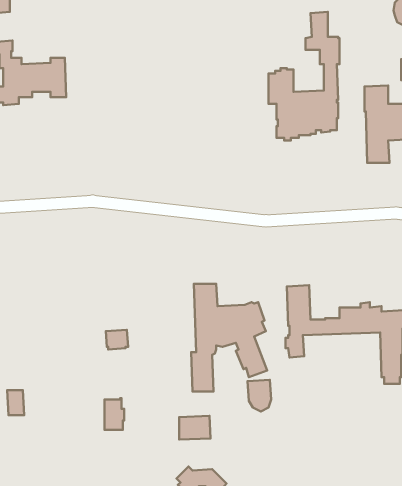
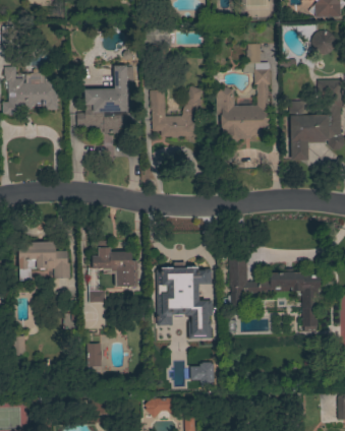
building: none -> [77,66,135,133]
building: none -> [150,86,203,138]
building: none -> [92,241,138,287]
building: none -> [18,242,70,281]
building: [179,416,211,440] -> [187,364,212,382]

